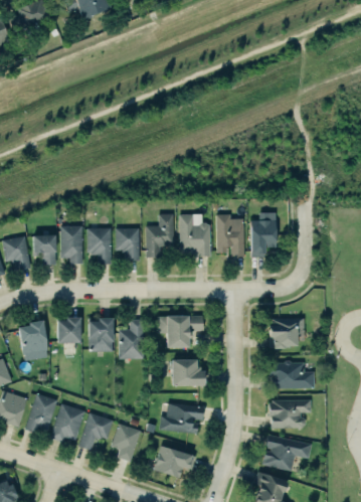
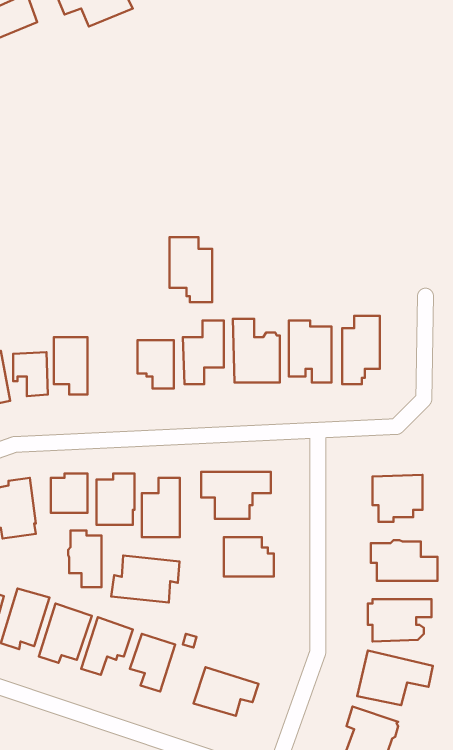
building: none -> [169,237,212,302]
building: [86,228,112,265] -> none
building: none -> [68,530,101,587]
building: [160,402,205,434] -> [111,556,179,603]

